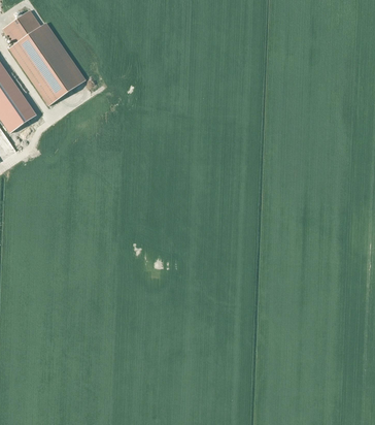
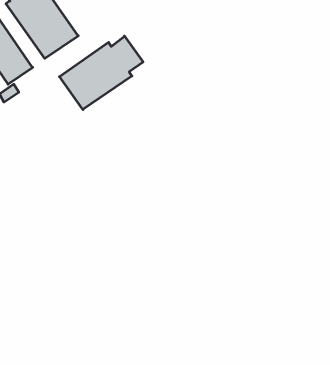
building: none -> [59,36,143,110]

